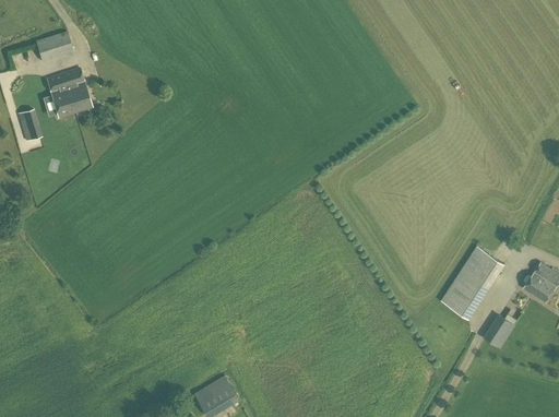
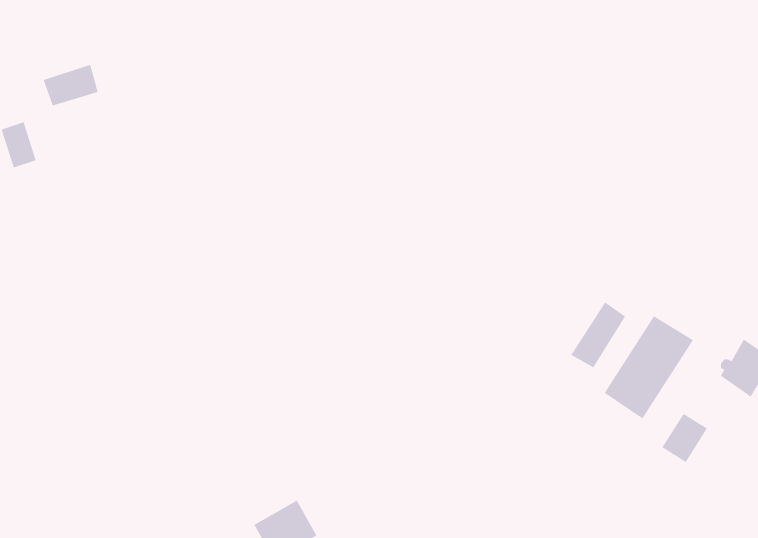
building: [35,32,72,61] -> none
building: [52,87,92,117] -> none
building: none -> [570,302,626,368]

